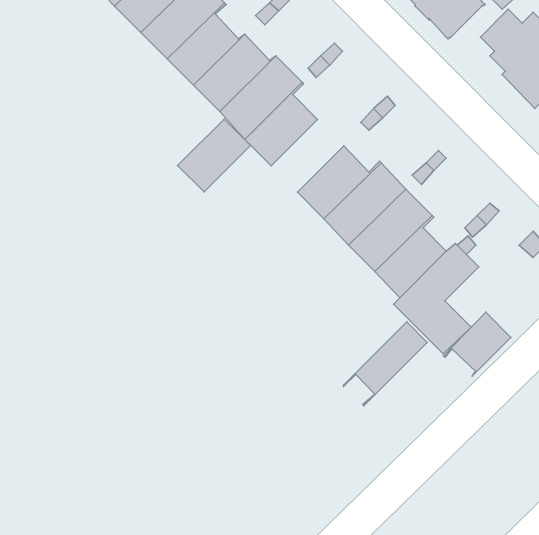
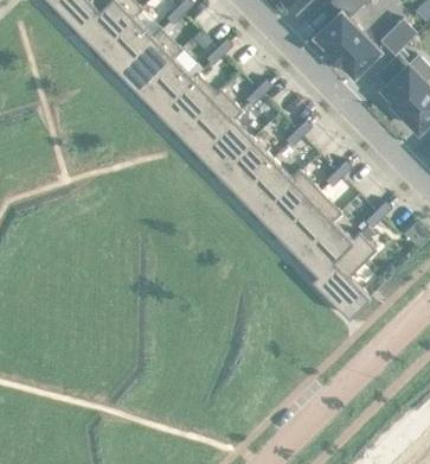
building: [178,119,251,192] -> [217,139,272,195]
building: [444,312,511,376] -> none
building: [344,322,427,406] -> none

